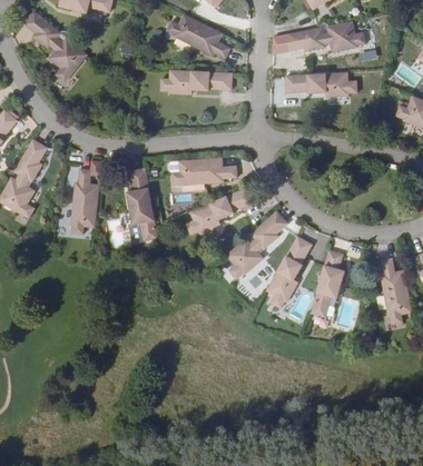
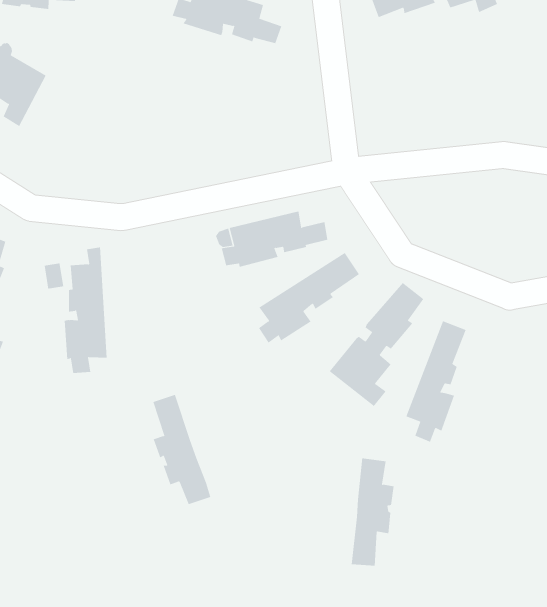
building: [161,69,233,93] -> none
building: [285,71,357,97] -> none
building: [128,170,157,237] -> [153,394,211,505]
building: [312,249,345,315] -> [351,458,394,566]

